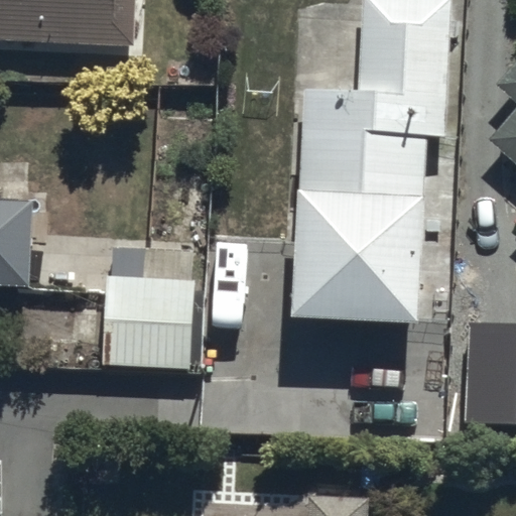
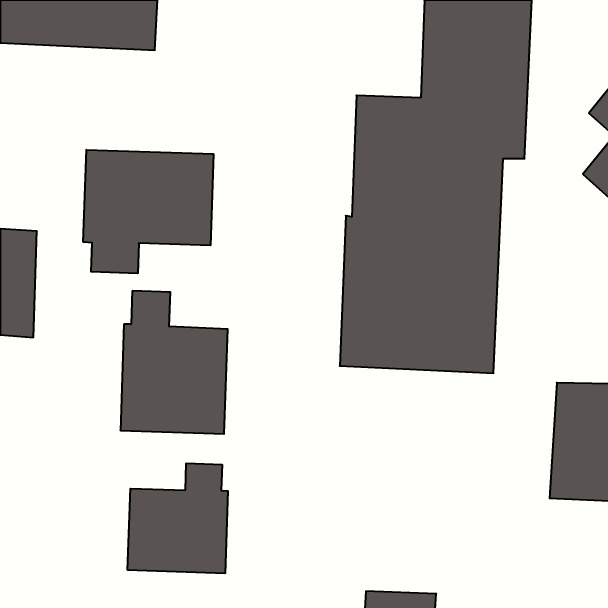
building: none -> [83,150,213,273]
building: none -> [128,463,228,573]

